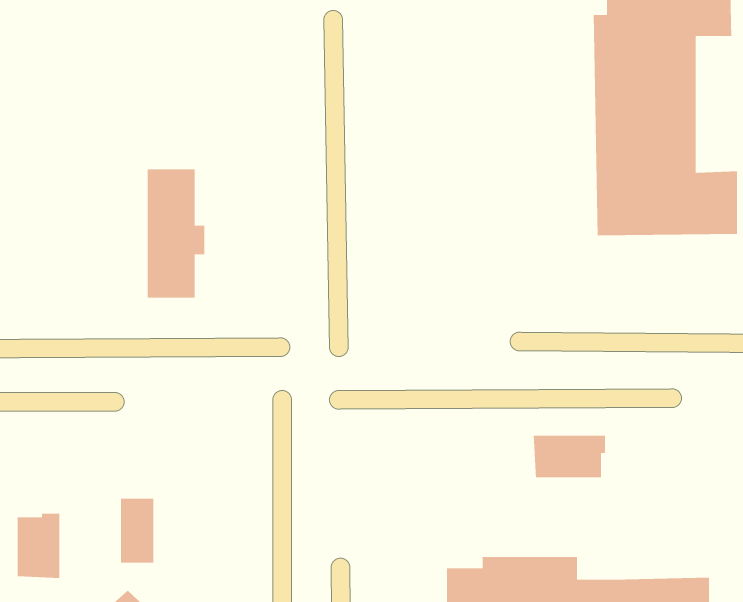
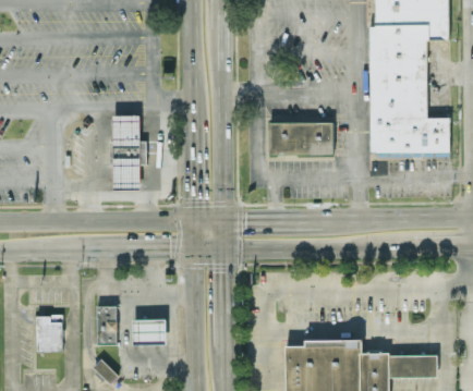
building: none -> [269,121,337,155]
building: [533,435,606,478] -> none
building: none -> [132,319,165,344]

